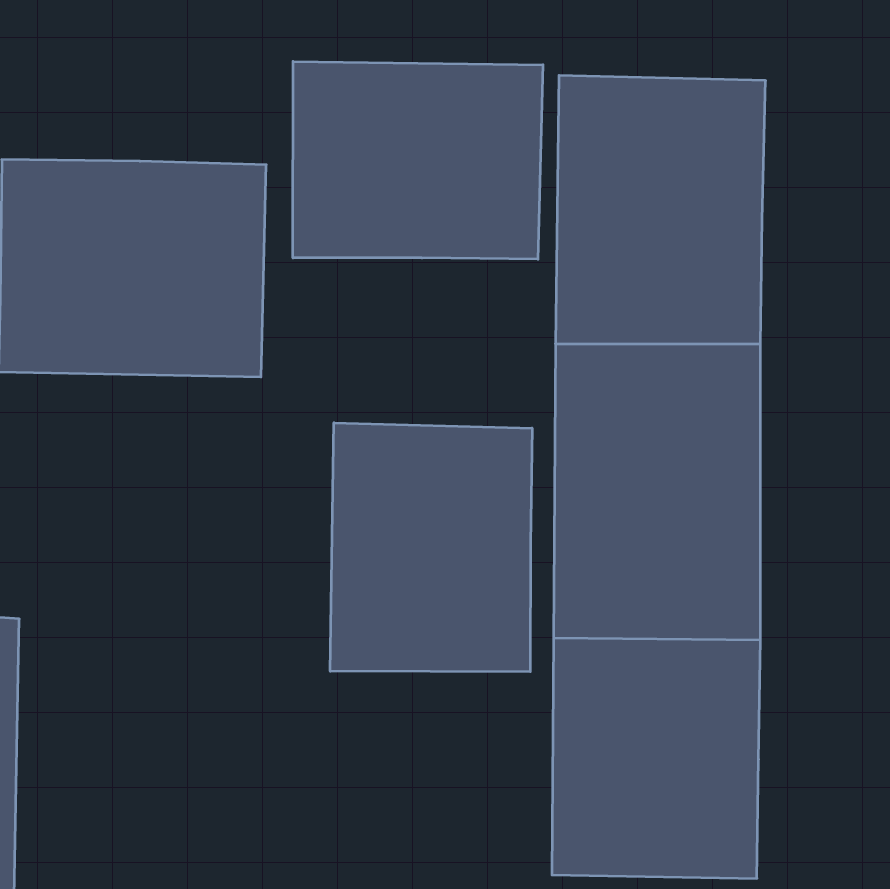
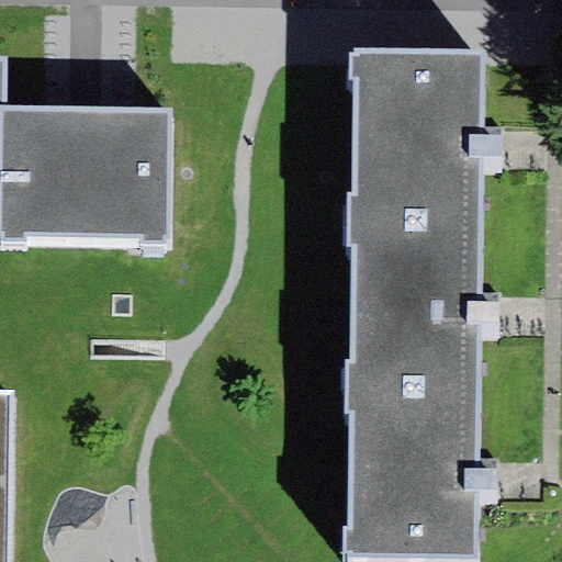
building: [293,61,543,259] -> none
building: [330,423,532,672] -> none

